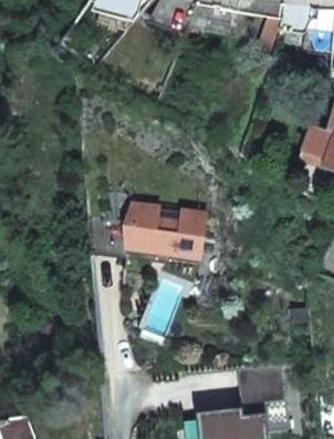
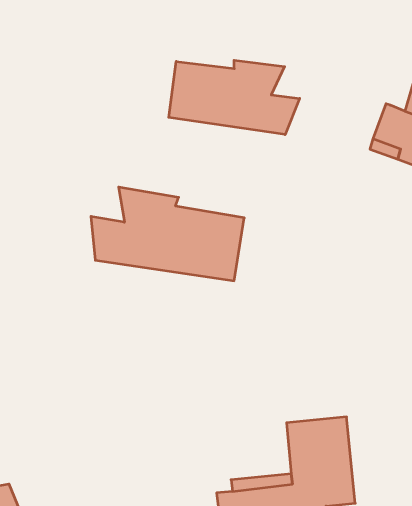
building: none -> [169,60,300,135]

